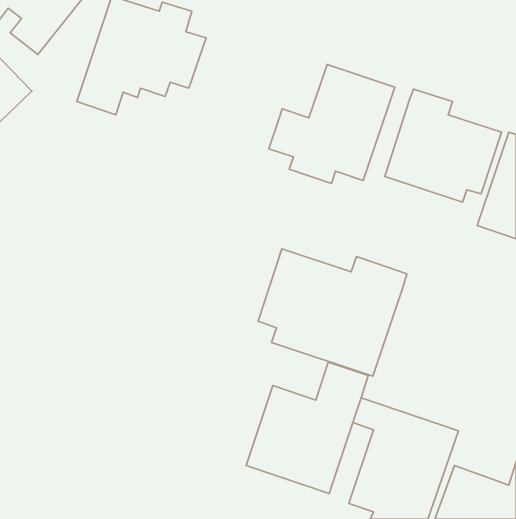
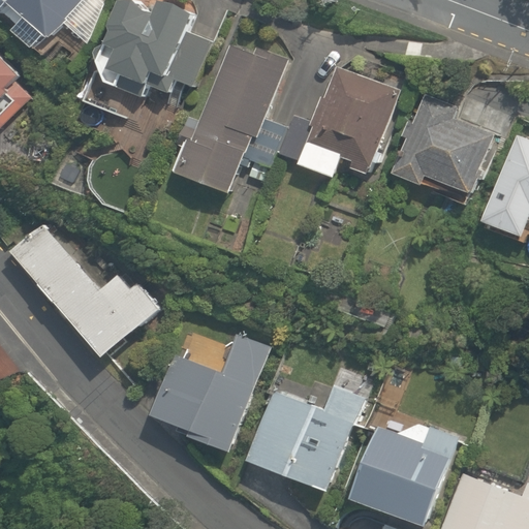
building: none -> [176,34,282,197]
building: none -> [8,219,165,363]
building: [258,249,407,376] -> none
building: none -> [150,331,269,454]

